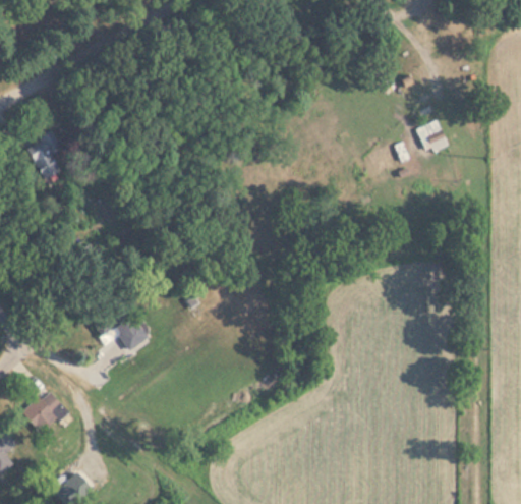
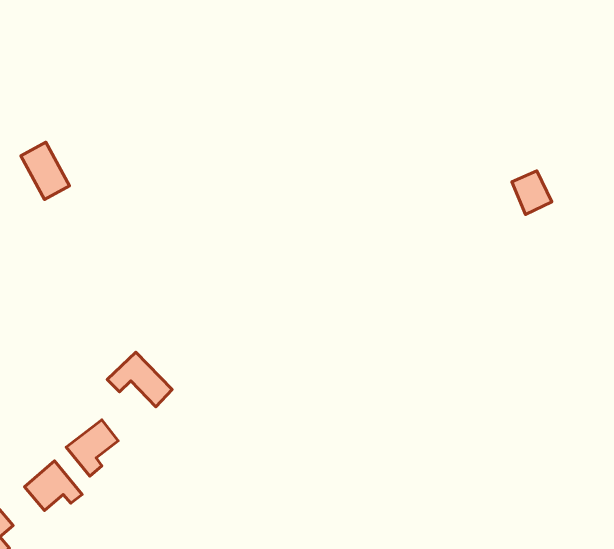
building: [416,119,449,155] -> [512,171,552,214]
building: none -> [66,420,118,476]

